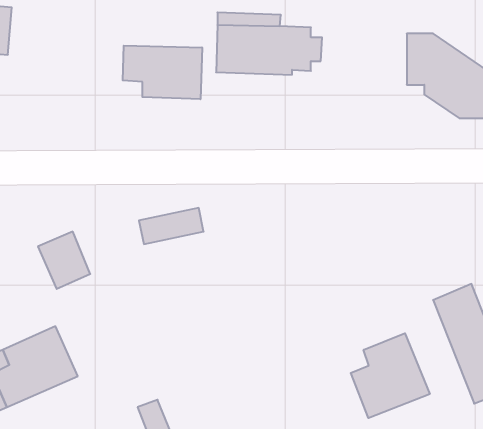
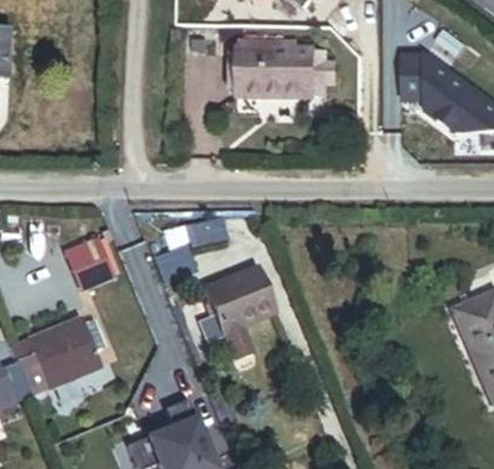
building: [123,46,202,99] -> none
building: none -> [201,264,275,356]
building: [351,333,430,418] -> none

